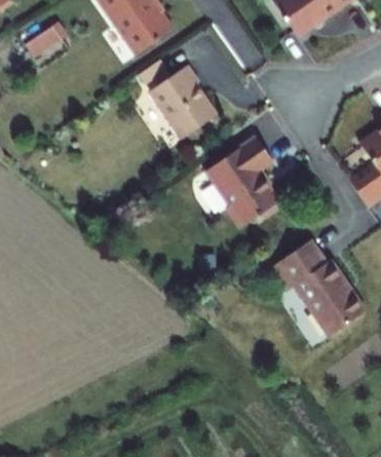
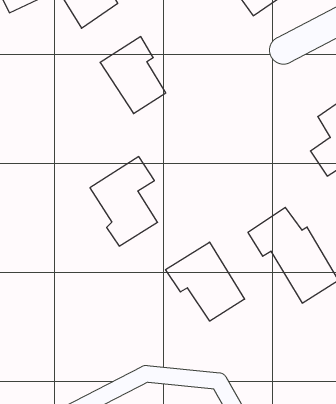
building: [205,139,272,227] -> [90,157,158,246]
building: none -> [166,242,245,321]

